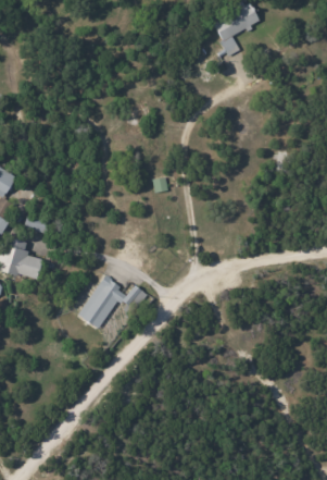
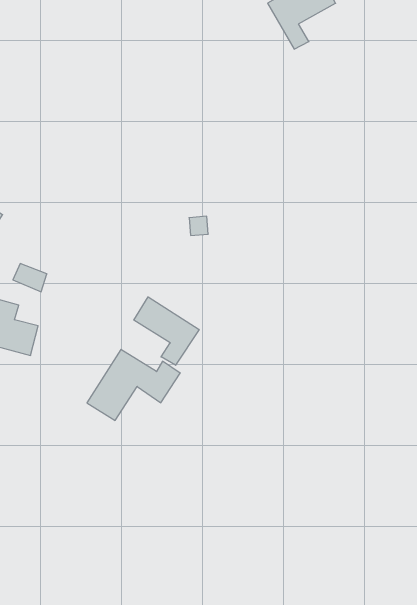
building: none -> [134,297,199,365]

